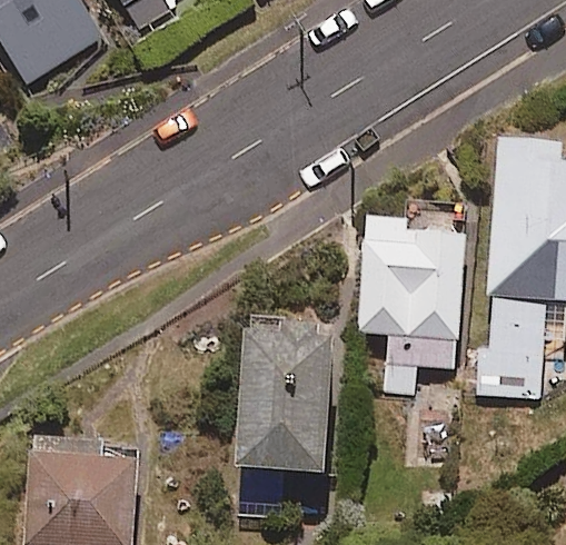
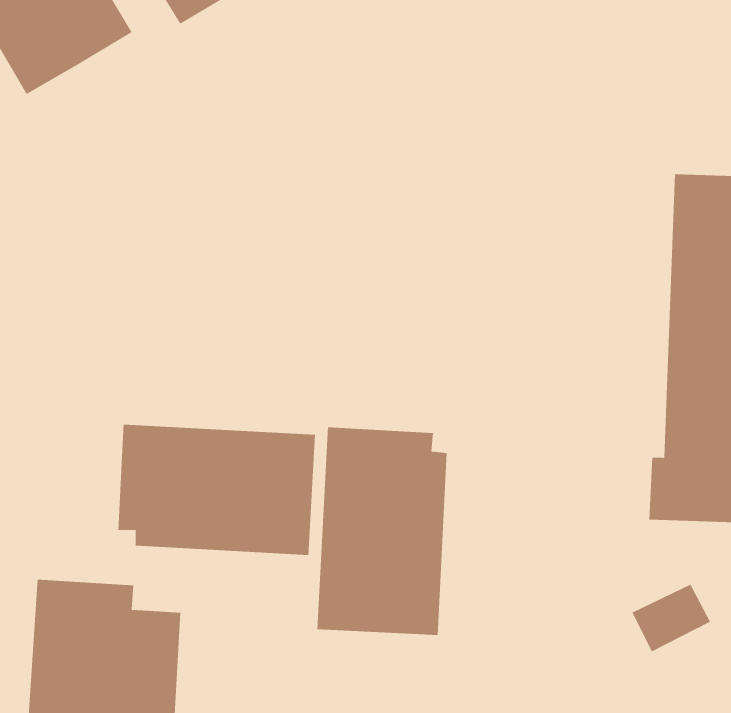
building: [357,214,467,389] -> none
building: none -> [118,424,316,556]

